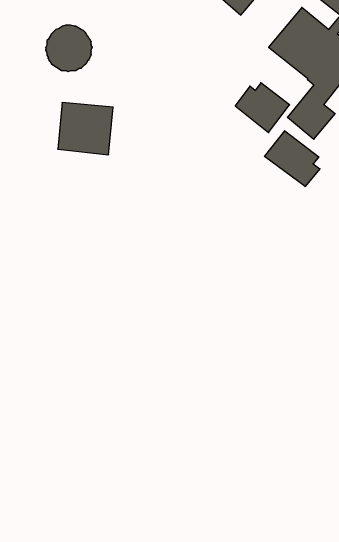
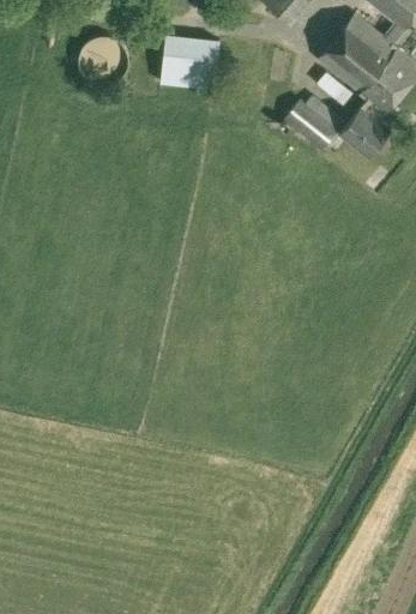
building: [58,103,113,155] -> [158,34,218,90]
building: [265,131,320,187] -> none

